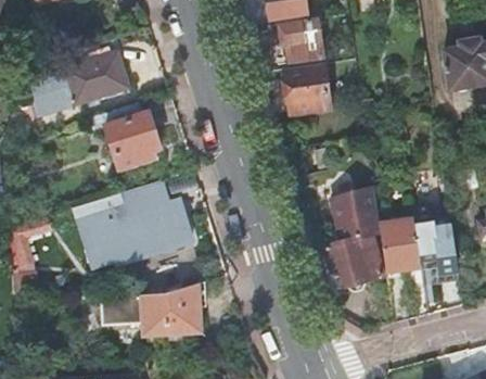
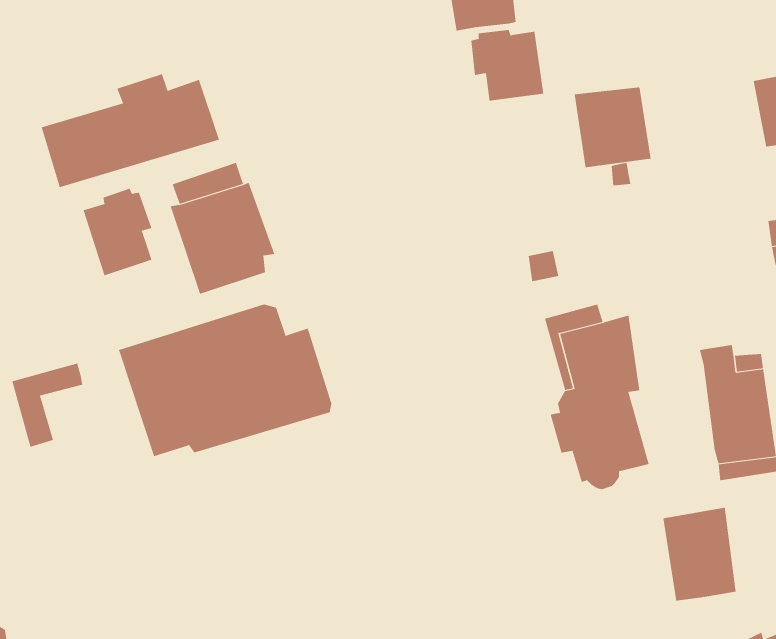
building: [283,65,329,113] -> [574,87,651,168]
building: none -> [83,188,152,276]
building: [378,216,421,271] -> [663,507,736,601]
building: [100,282,207,339] -> none

